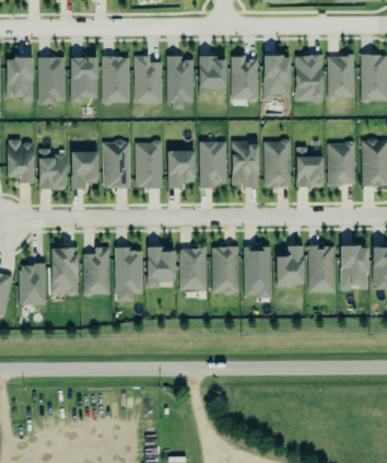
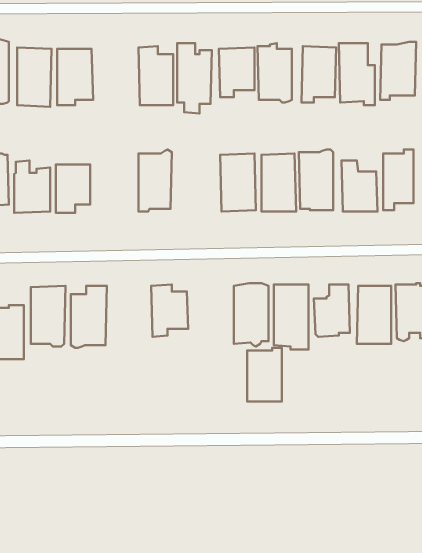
building: [102,56,129,104] -> none
building: [103,140,129,188] -> none
building: [166,151,194,188] -> none
building: [178,246,206,289] -> [247,348,282,401]
building: [116,251,143,302] -> none

